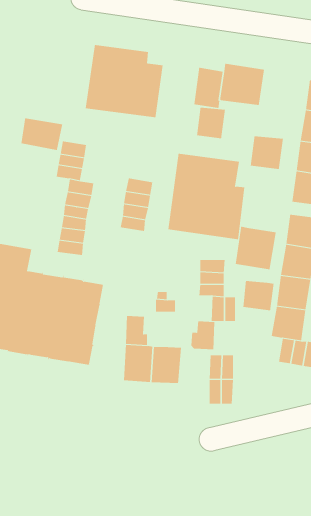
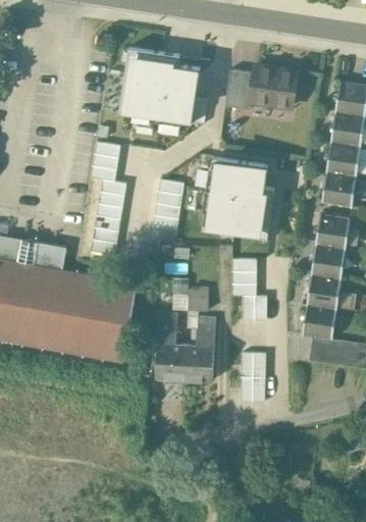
building: [196,107,226,139] -> none
building: [21,118,63,151] -> none
building: [250,135,283,170] -> none
building: [235,226,277,270] -> none
building: [243,280,274,311] -> none
building: [190,321,215,350] -> [191,318,215,347]

